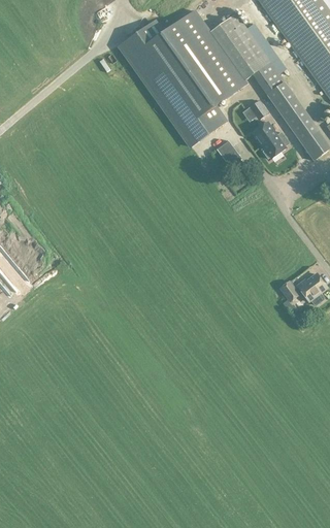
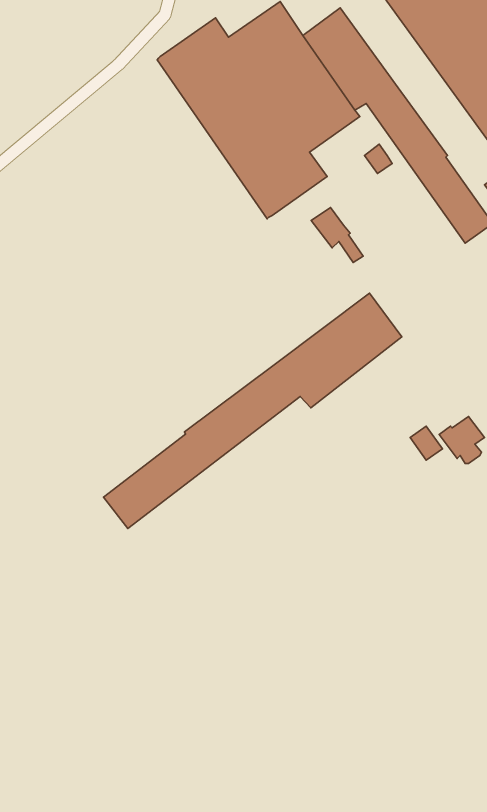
building: [253,121,290,157] -> none
building: none -> [104,293,402,529]

